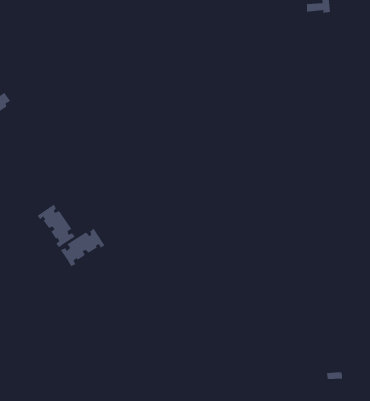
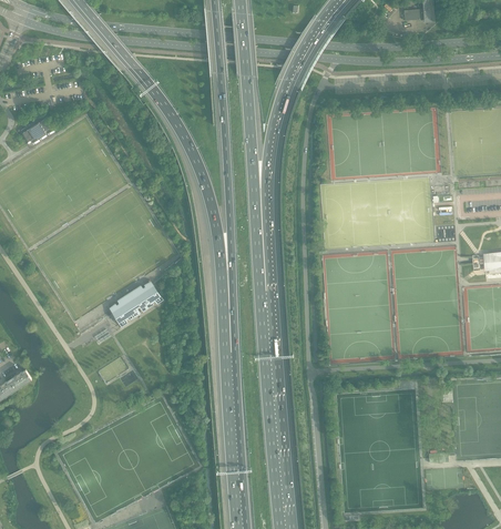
building: [36,204,76,248] -> none

